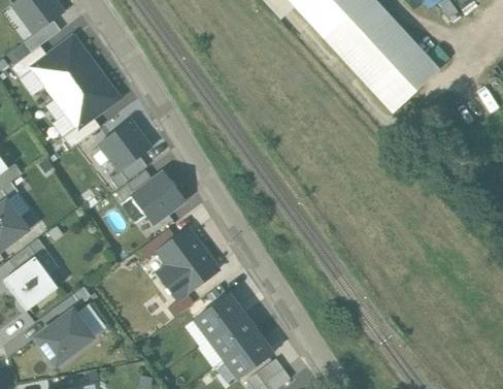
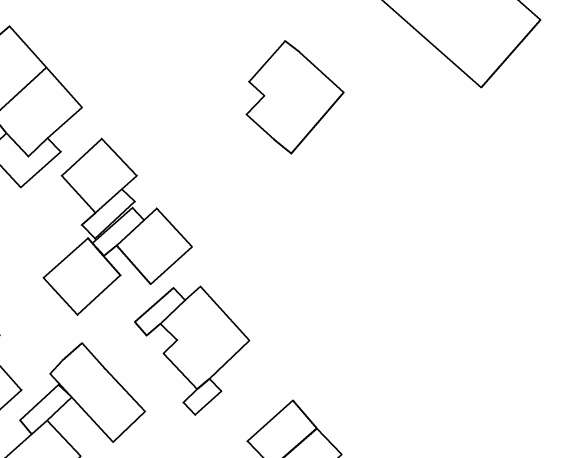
building: none -> [247,41,344,154]
building: none -> [44,238,121,315]
building: none -> [50,343,145,442]
building: [194,293,242,337] -> none

